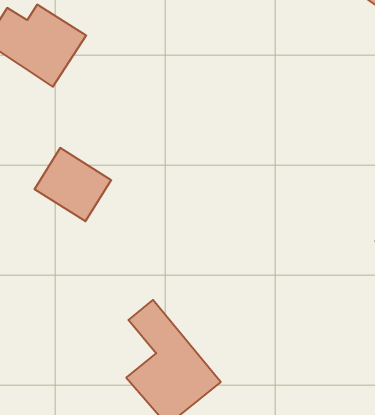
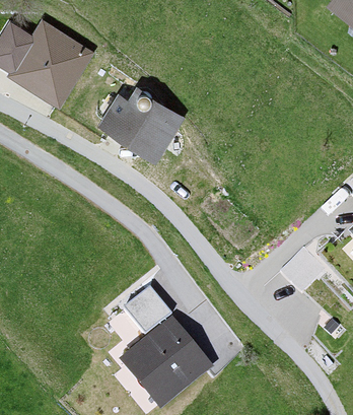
building: [34,148,111,221] -> [105,87,175,154]

